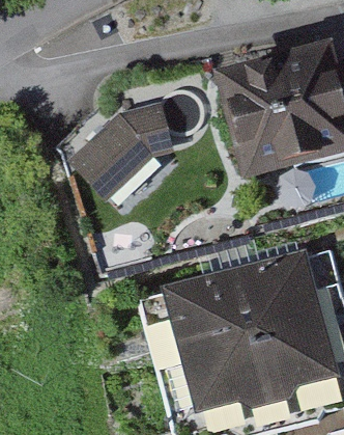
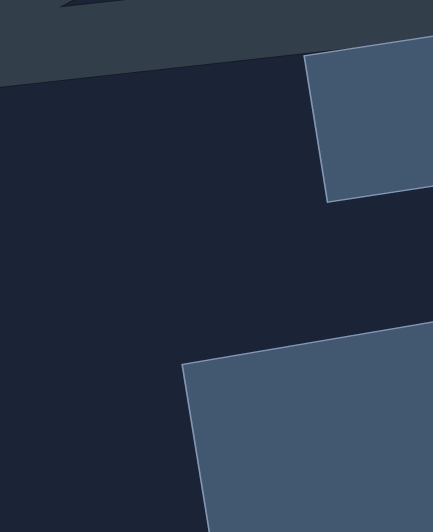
building: [84,98,176,196] -> none

